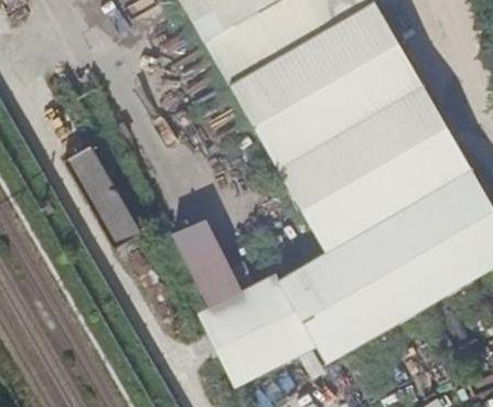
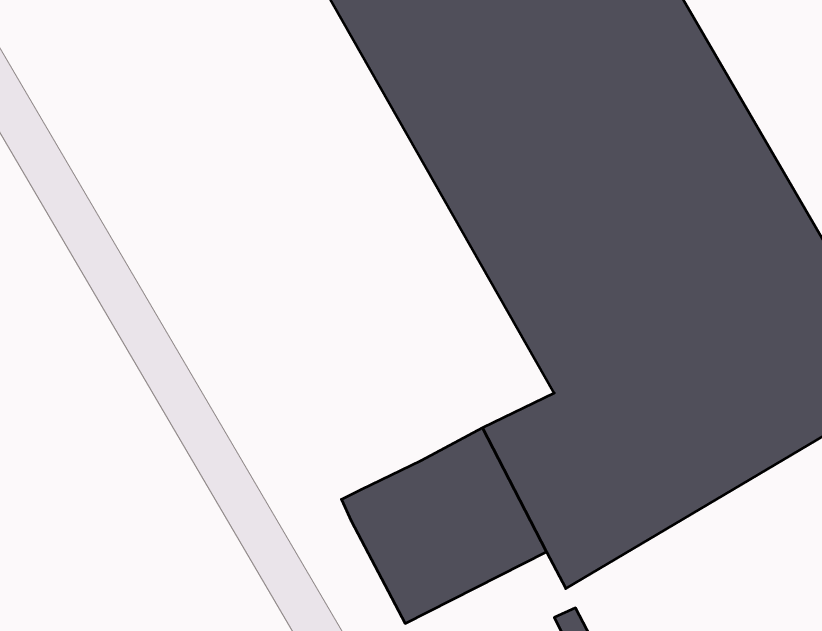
building: [64,143,144,248] -> none
building: [173,217,246,310] -> none

